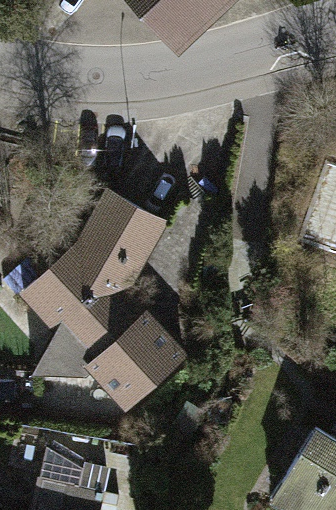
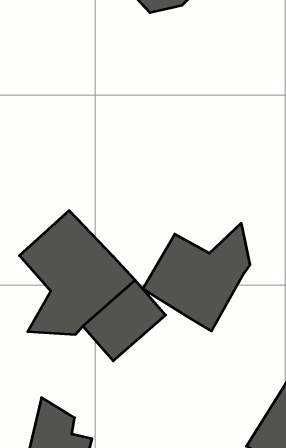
building: [78,192,164,293] -> none
building: none -> [143,223,250,331]

